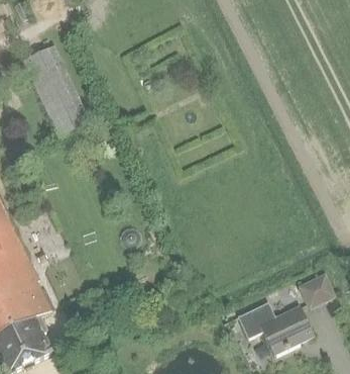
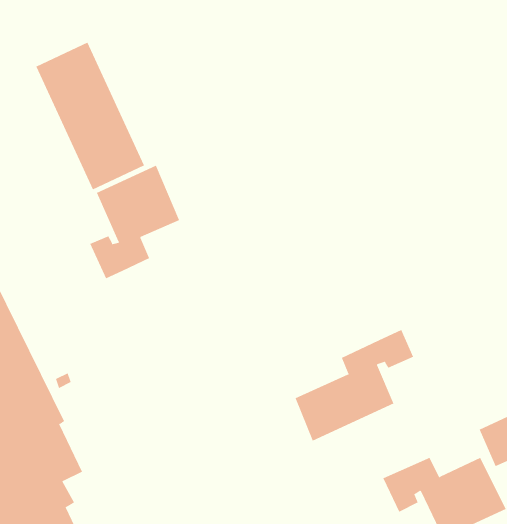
building: none -> [90,165,180,279]
building: none -> [295,329,414,442]

